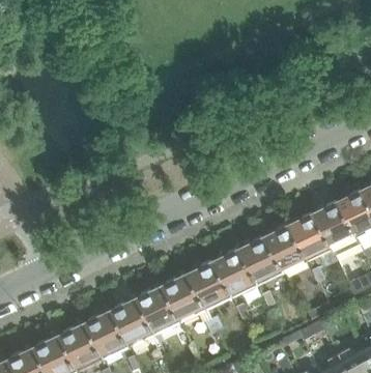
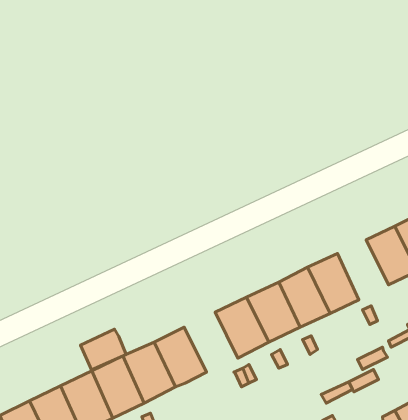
building: [290,211,333,261] -> none
building: [163,271,207,321] -> none
building: none -> [80,329,126,370]

